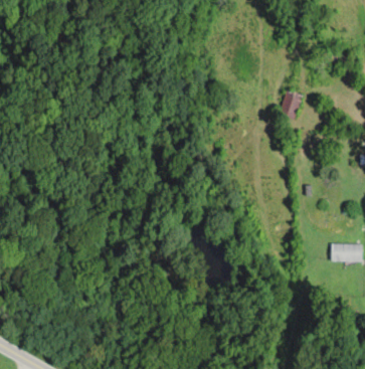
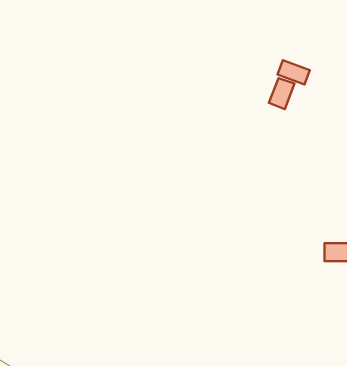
building: none -> [277,60,310,85]

